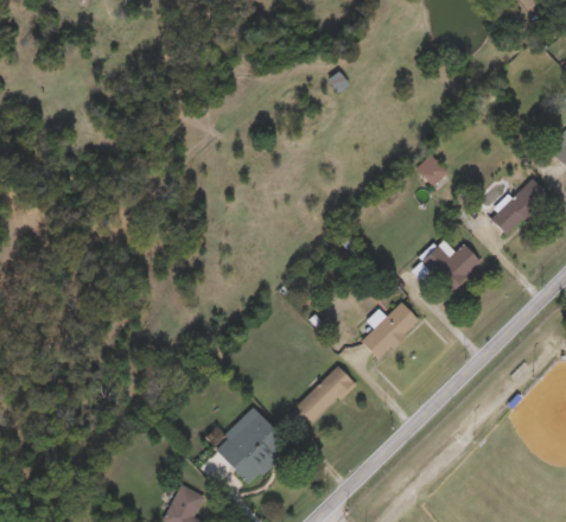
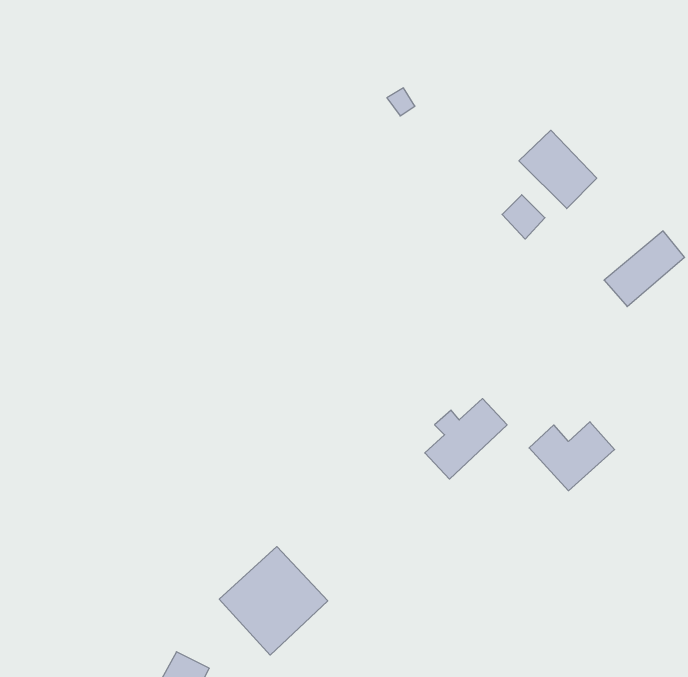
building: none -> [519,130,597,209]
building: [420,243,482,293] -> [529,422,615,491]
building: [295,365,355,424] -> none

